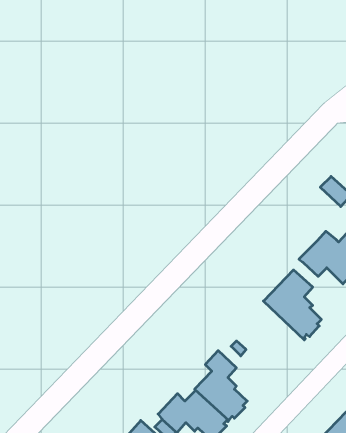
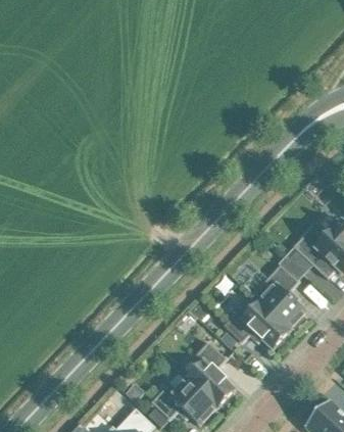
building: none -> [223,294,290,349]

